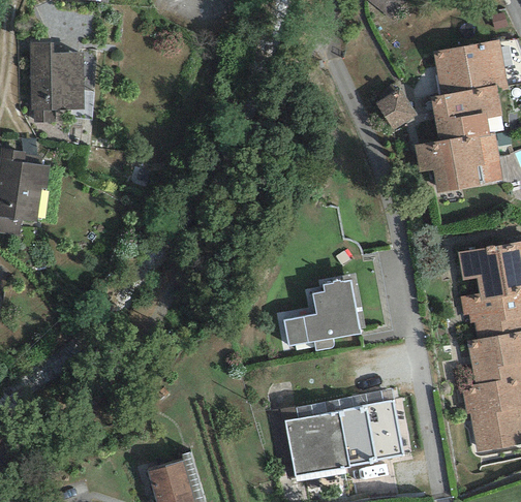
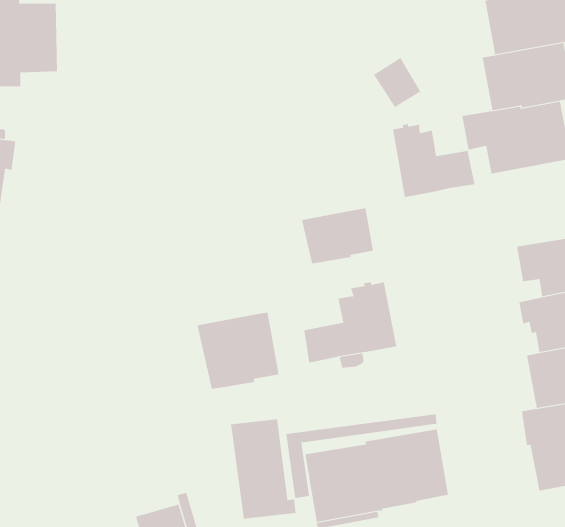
building: [376,88,416,129] -> [373,57,421,108]
building: none -> [392,123,475,198]
building: none -> [302,208,373,264]
building: none -> [197,312,279,389]
building: none -> [231,419,296,519]

